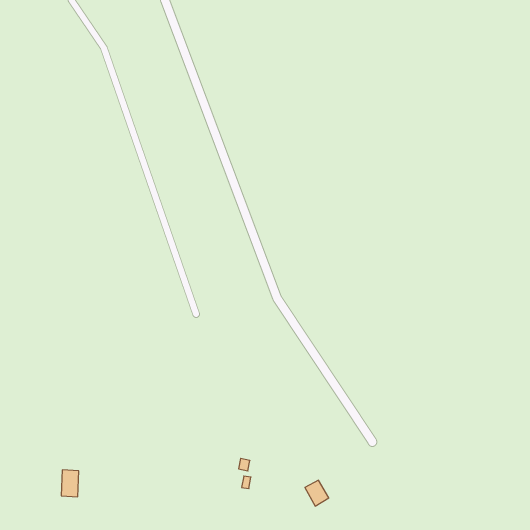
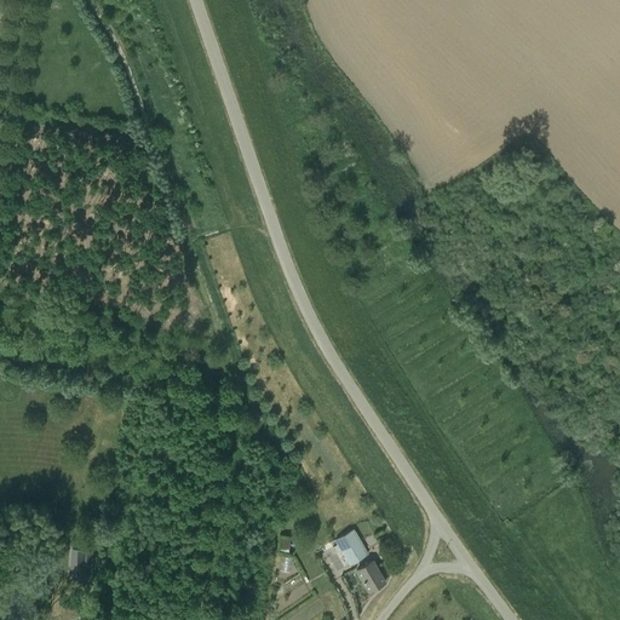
building: none -> [334,529,368,564]

